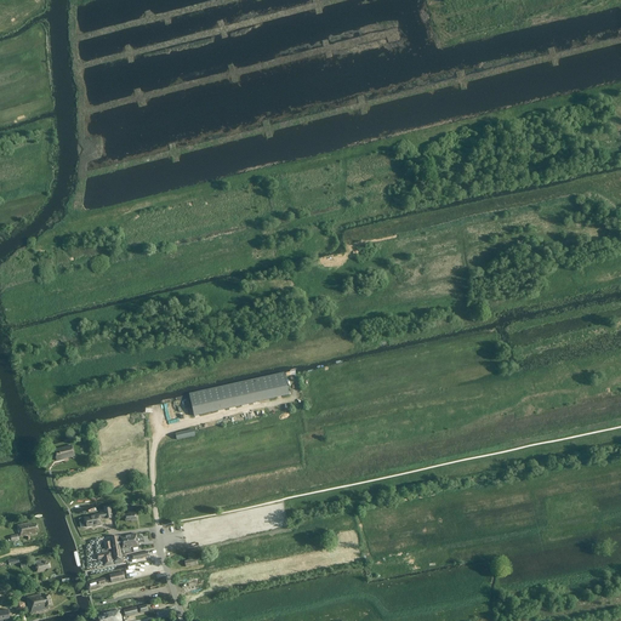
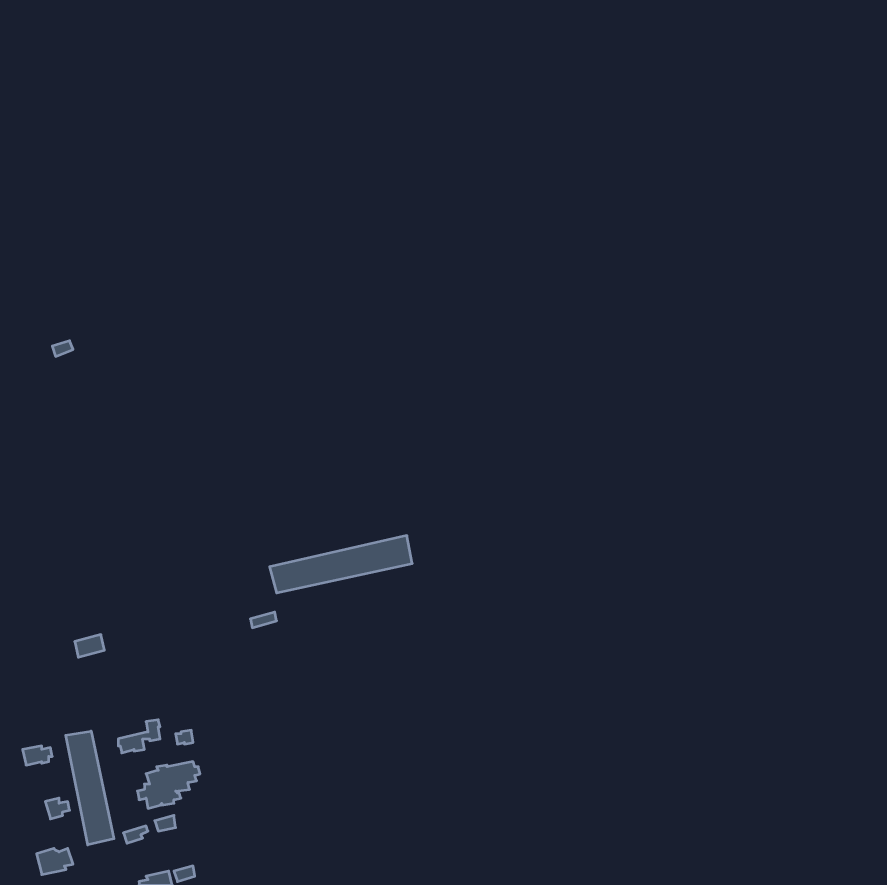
building: none -> [66,731,114,845]

